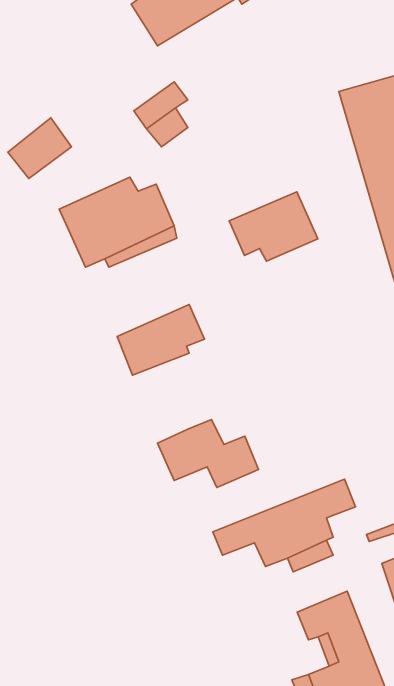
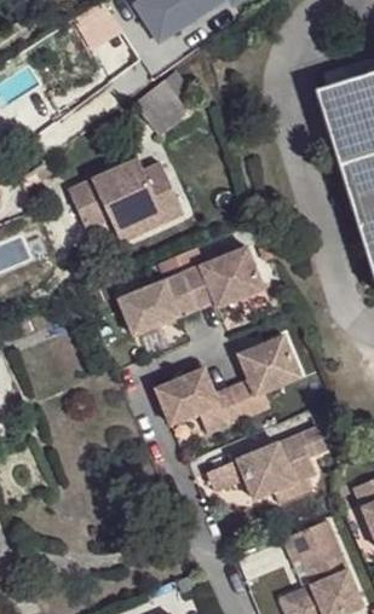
building: [229,192,318,261] -> [185,244,263,305]
building: none -> [234,334,303,413]

